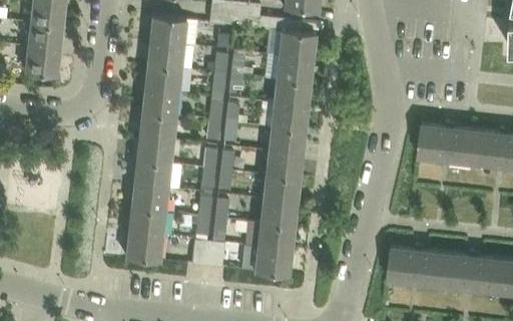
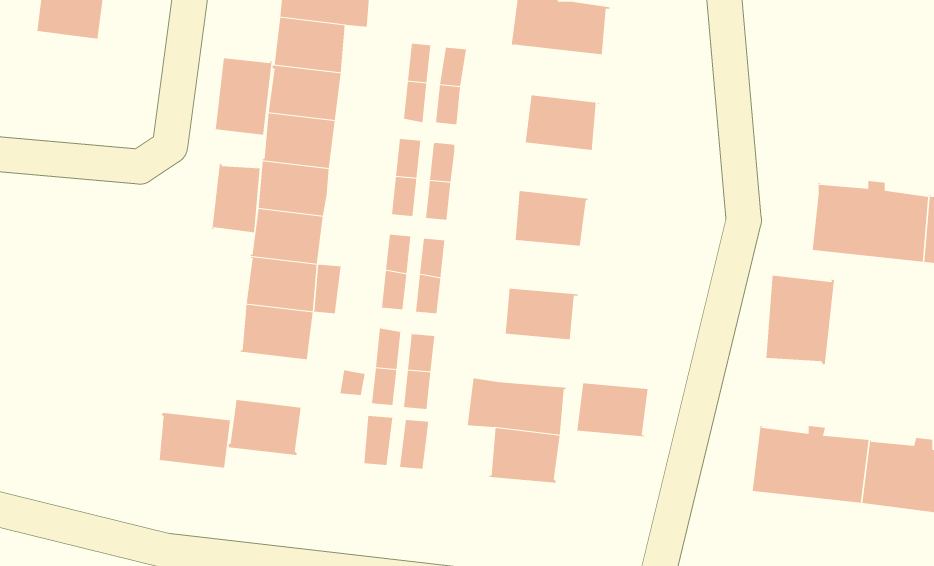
building: [26,48,60,76] -> none
building: [267,55,314,84] -> none
building: none -> [215,57,272,136]
building: [272,104,309,132] -> none
building: none -> [212,163,260,233]
building: [267,153,303,181] -> none
building: none -> [766,275,834,365]
building: [262,201,298,228] -> [577,383,648,437]
building: [129,210,165,238] -> [159,412,231,468]

